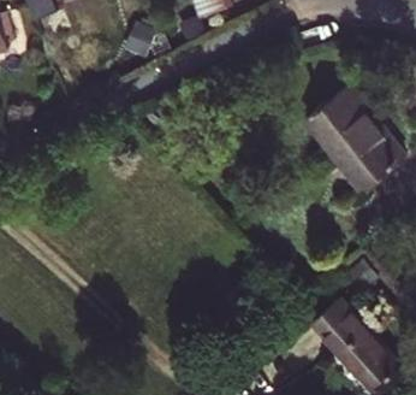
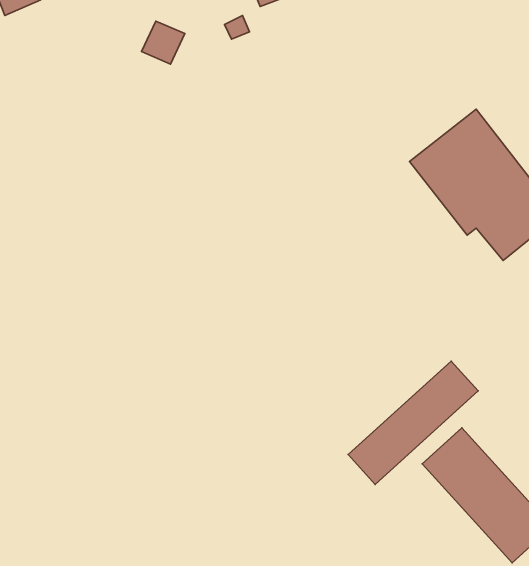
building: none -> [348,361,478,484]

